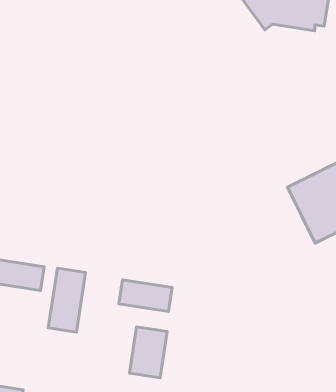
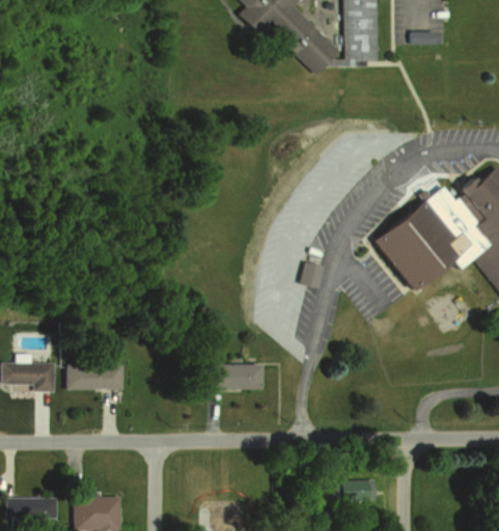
building: [48,268,86,332] -> none
building: [129,327,167,378] -> none

